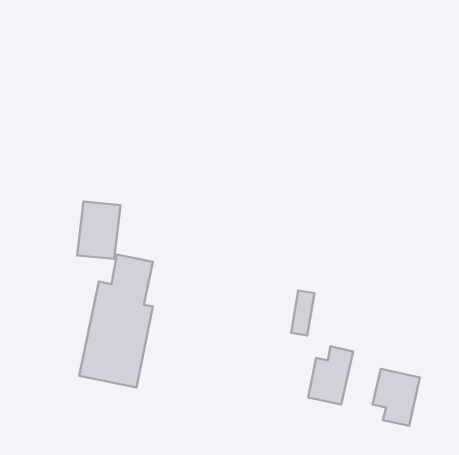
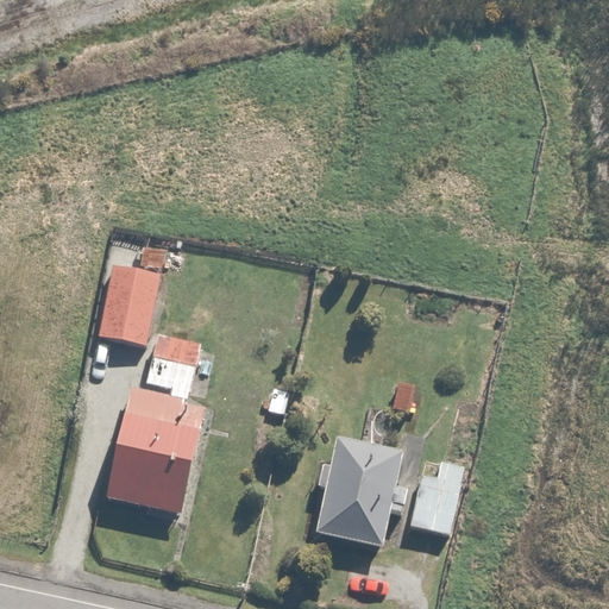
building: none -> [316,435,410,547]
building: [372,369,420,426] -> none

